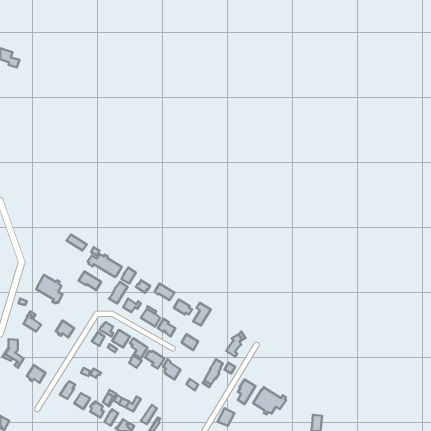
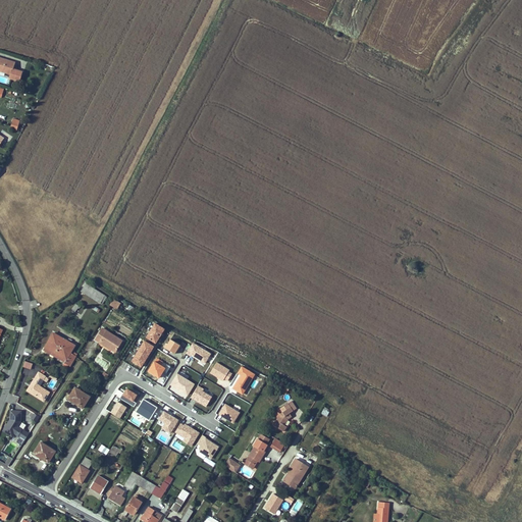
building: [87,254,122,277] -> none
building: [253,387,286,414] -> none

